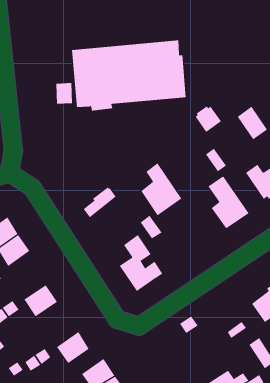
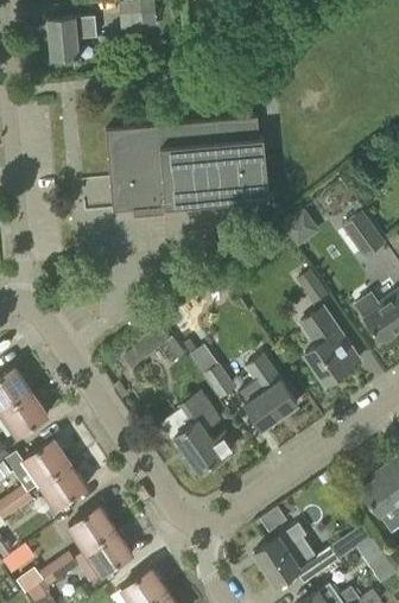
building: [140,163,182,216] -> [238,353,297,429]
building: none -> [23,438,70,483]
building: none -> [68,504,116,551]
building: none -> [253,522,337,584]

